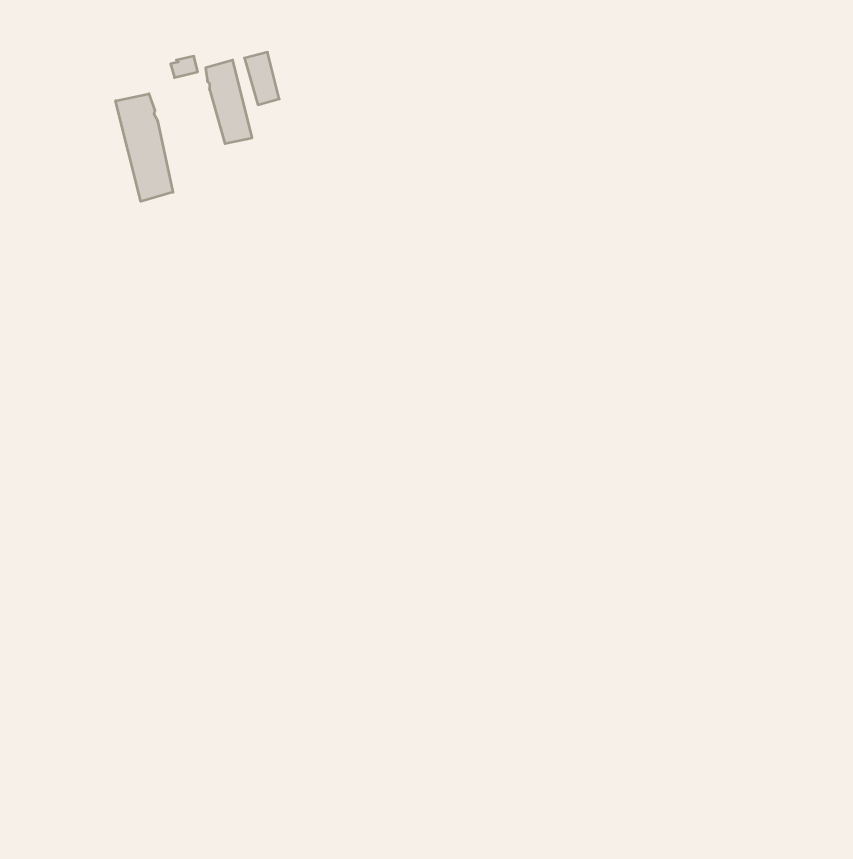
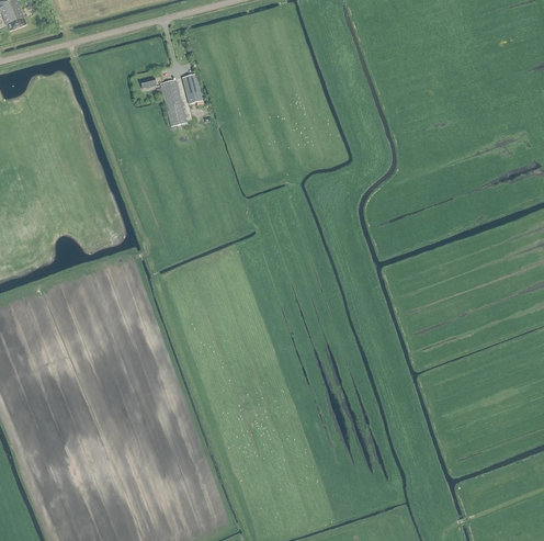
building: [116,94,173,201] -> none

